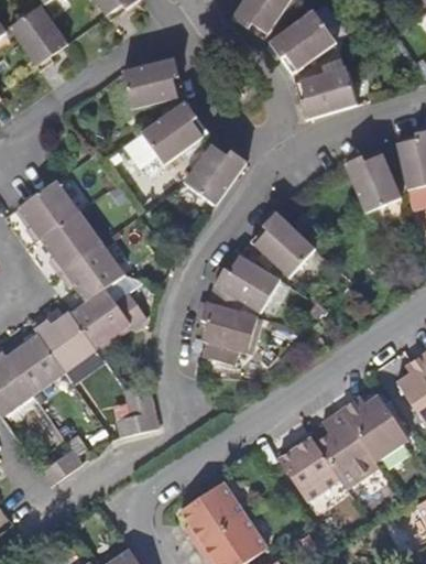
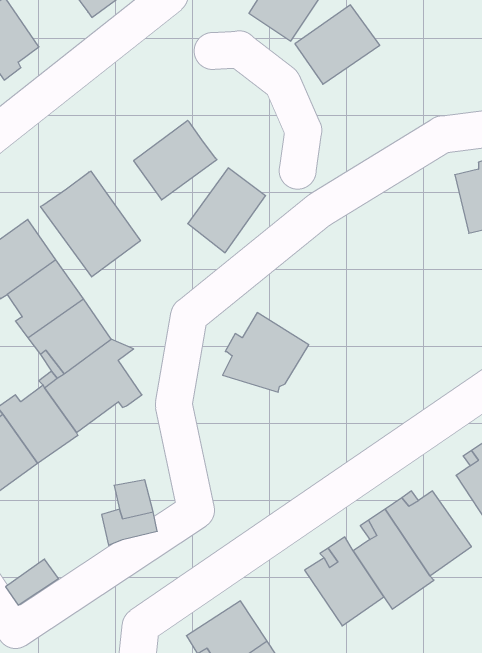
building: [122,58,183,109] -> none
building: [294,65,358,118] -> none
building: none -> [41,171,140,277]
building: [345,149,401,214] -> none
building: [250,213,315,276] -> none
building: [201,302,258,366] -> none

